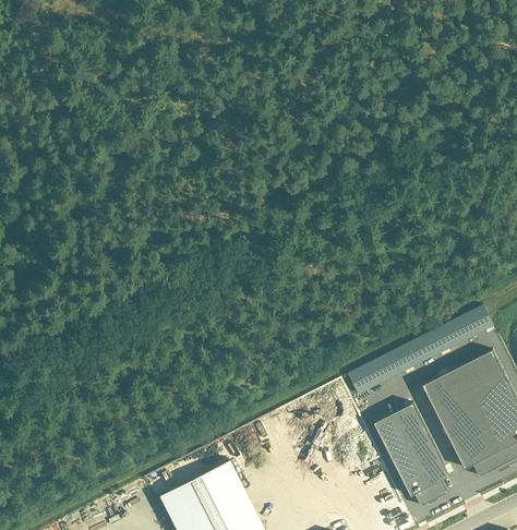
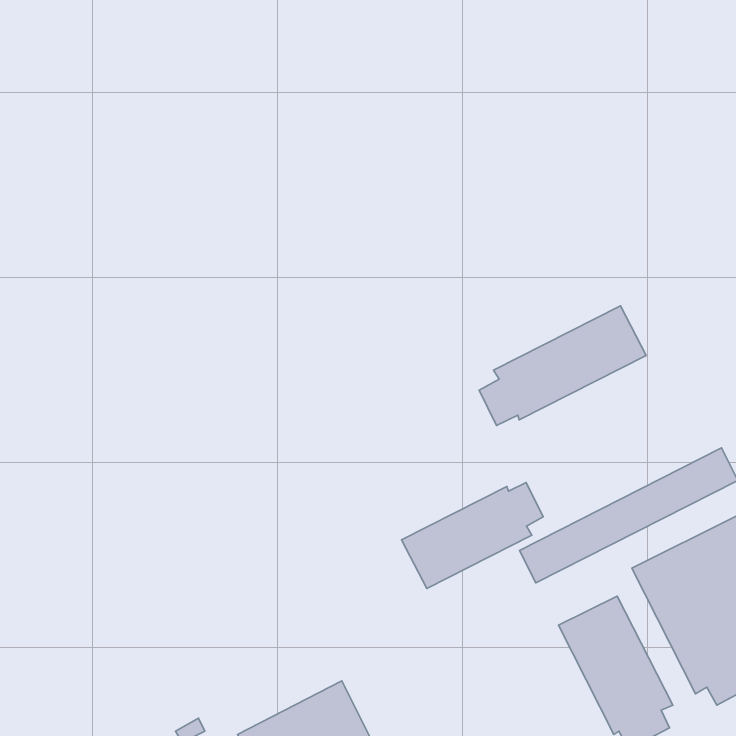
building: none -> [479,306,646,425]
building: none -> [402,483,543,588]

